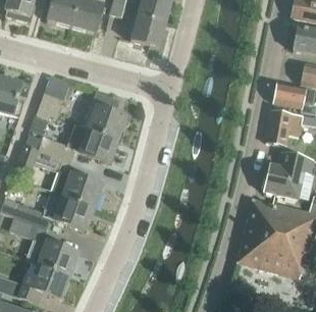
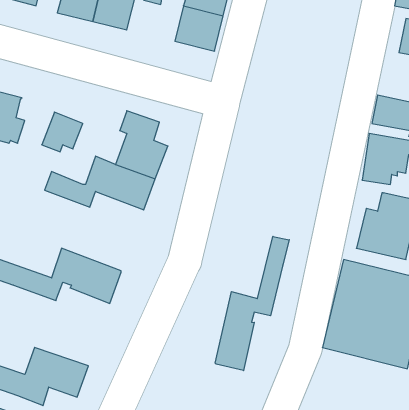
building: [15,145,101,207] -> none
building: none -> [215,236,289,371]
building: [9,217,76,275] -> none

